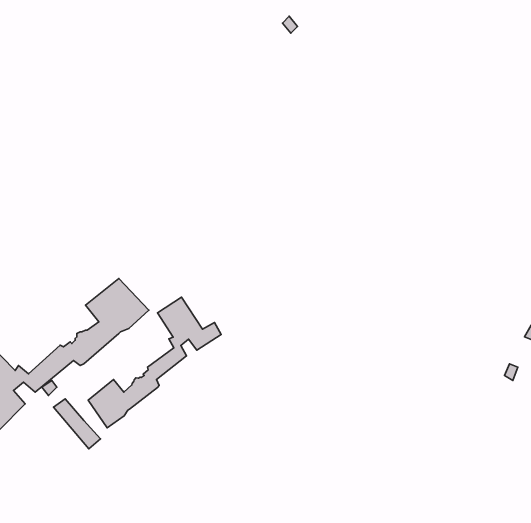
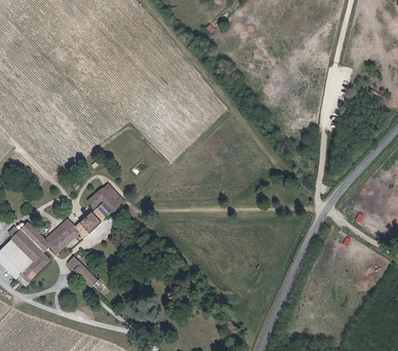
building: [88,297,221,428] -> none

